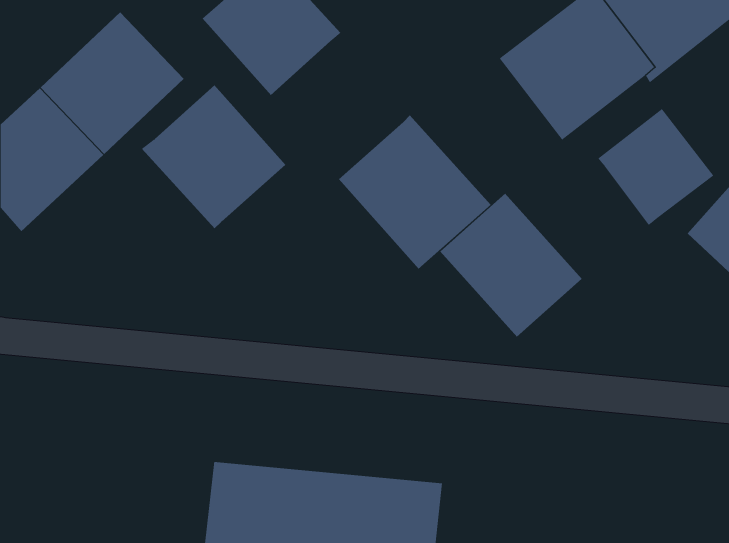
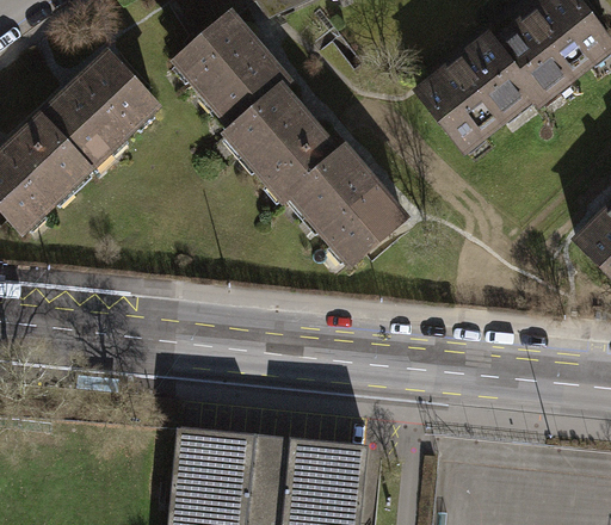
building: [141,84,286,229] -> [216,78,337,198]
building: [598,108,714,226] -> none
building: [439,193,583,337] -> none

